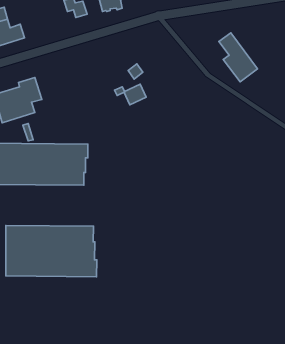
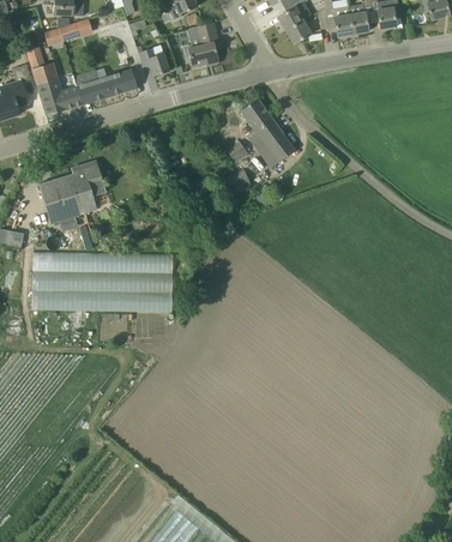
building: none -> [76,70,135,104]
building: [219,33,257,82] -> [240,98,294,167]
building: [6,225,97,277] -> none

